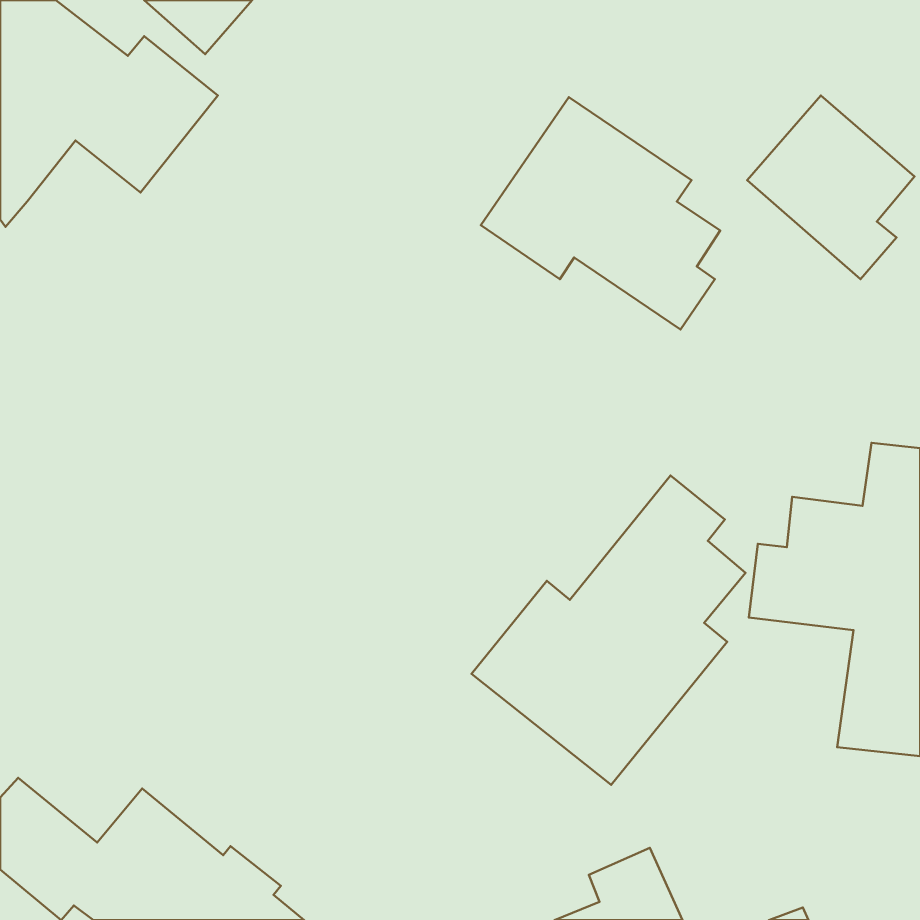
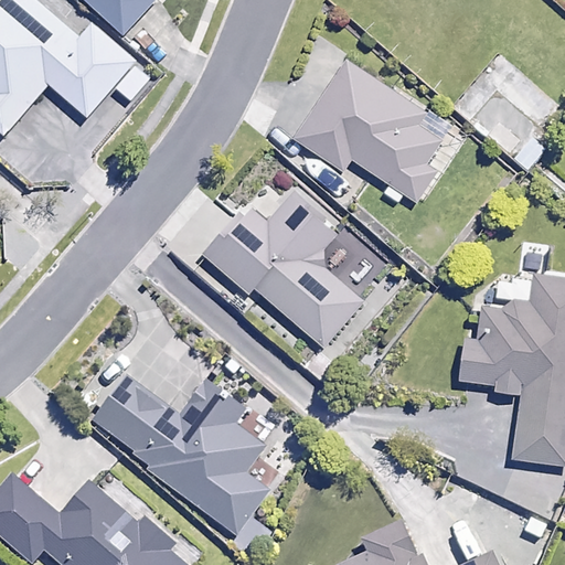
building: none -> [168,188,363,347]
building: [472,475,745,785] -> none
building: none -> [87,376,269,536]

